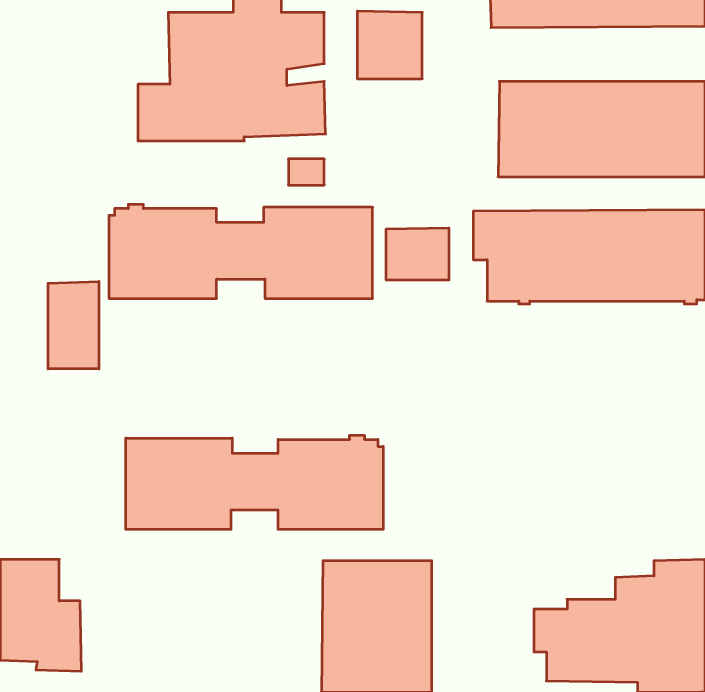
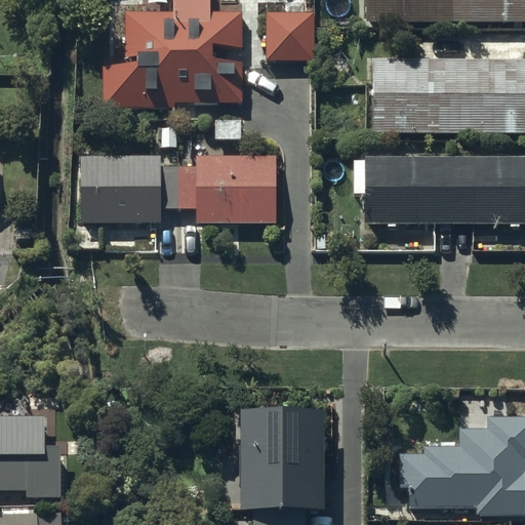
building: [386,228,449,280] -> none
building: [48,281,99,369] -> none
building: [126,435,383,529] -> none

